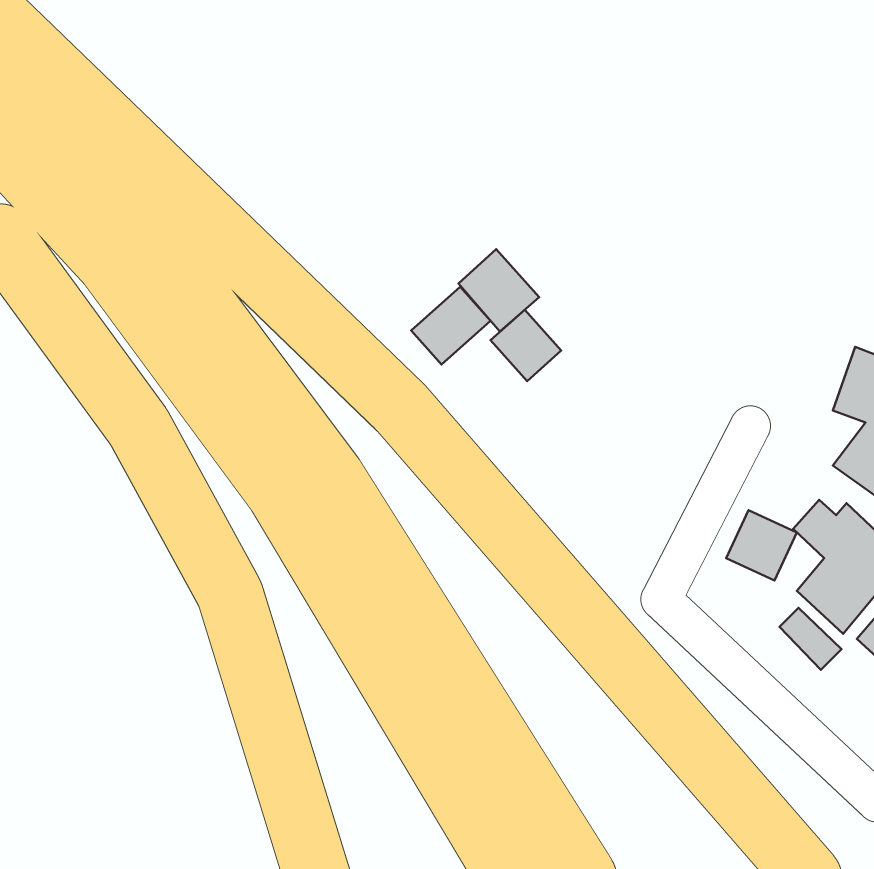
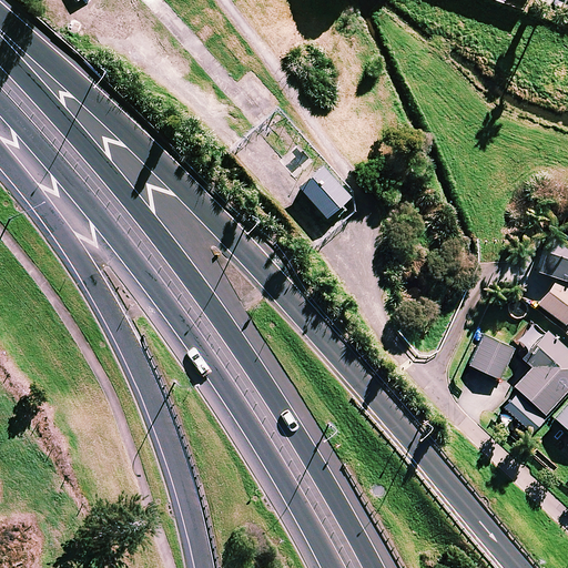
building: [411,287,490,364] -> none
building: [491,310,561,381] -> none

